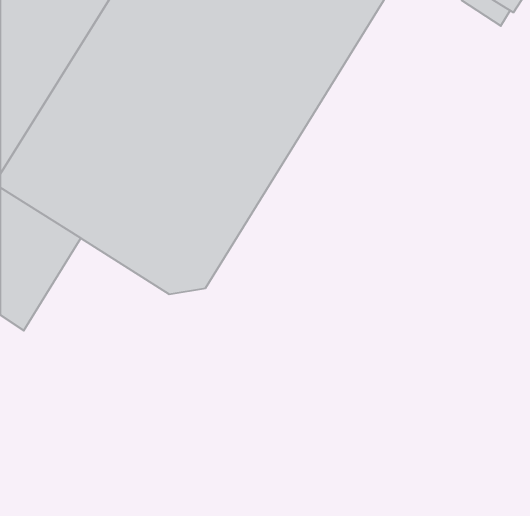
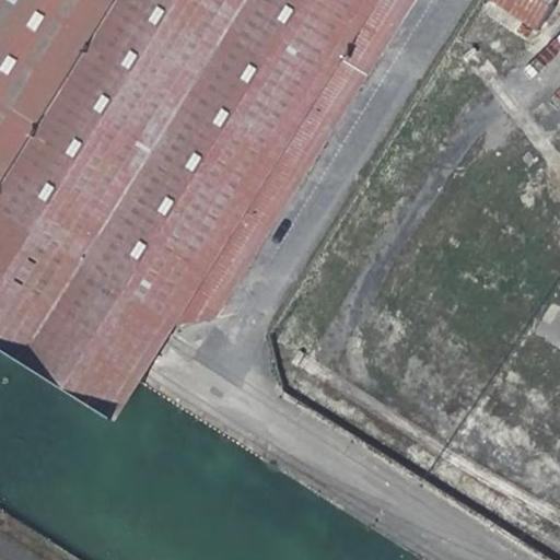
building: none -> [25,252,178,408]

